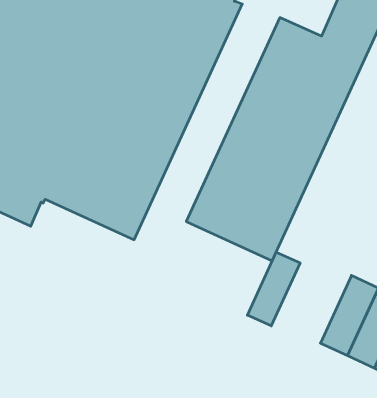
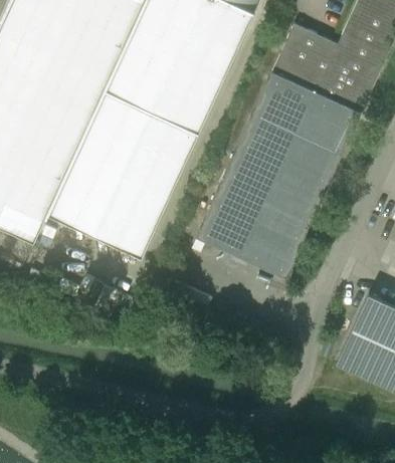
building: [247,252,300,326] -> none

